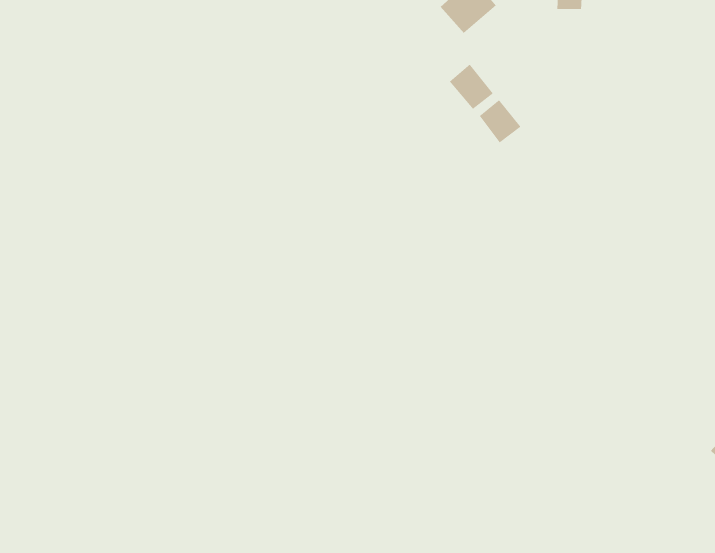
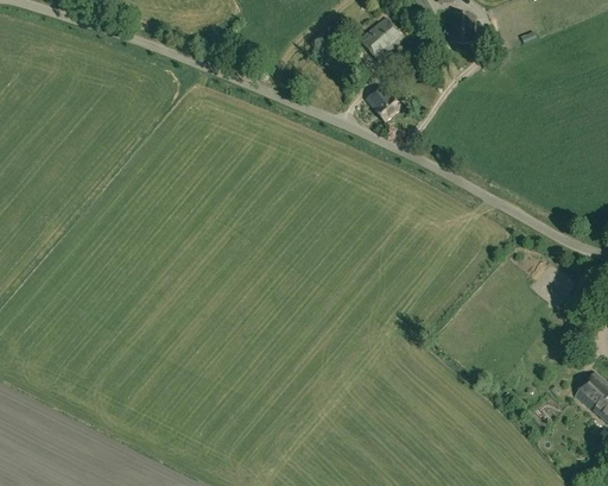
building: [479,99,522,143] -> none

